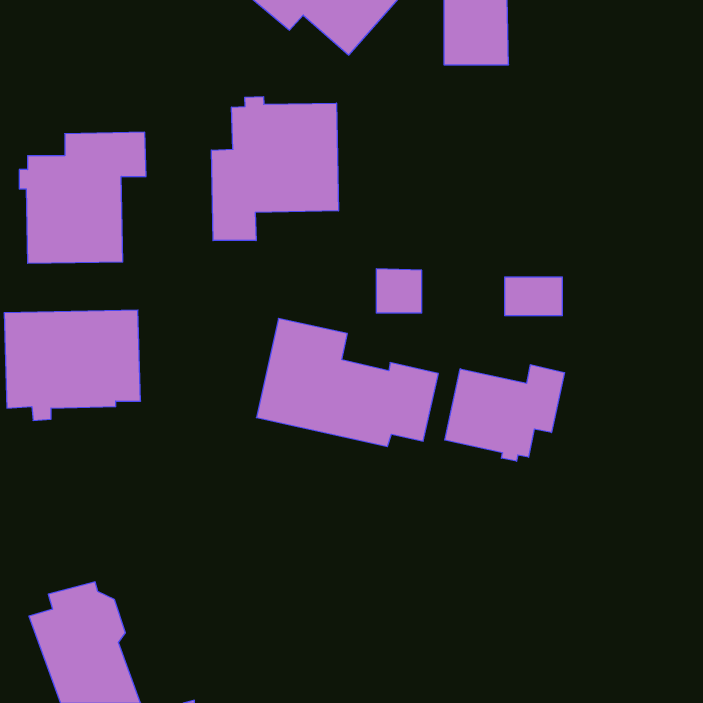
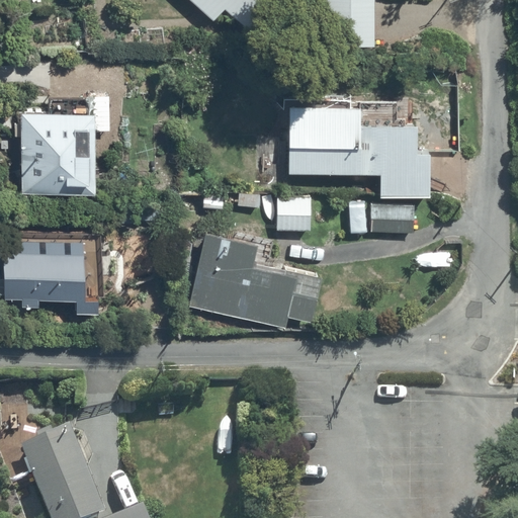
building: [211,97,338,241] -> none
building: none -> [280,91,431,198]
building: [445,365,565,461] -> none

